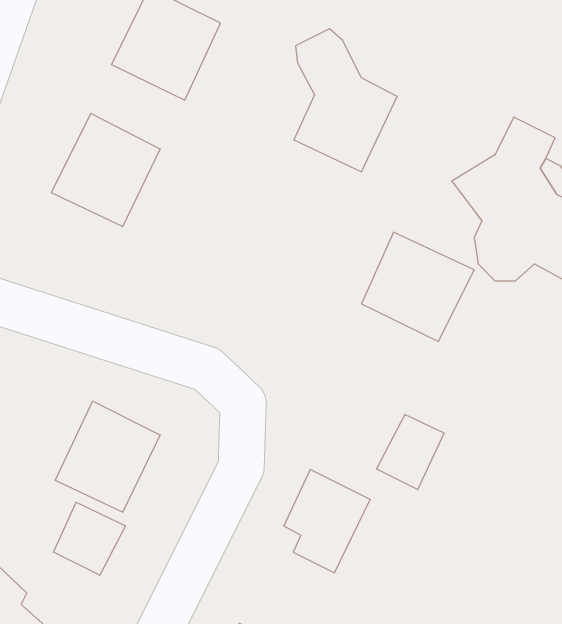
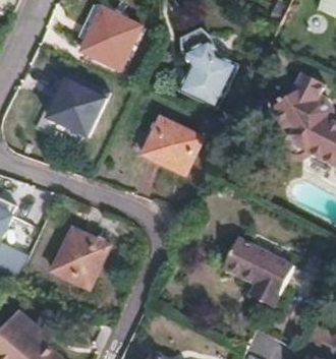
building: [361,232,474,341] -> [141,117,202,176]
building: [284,469,370,573] -> [247,246,294,302]
building: [53,502,126,575] -> none

